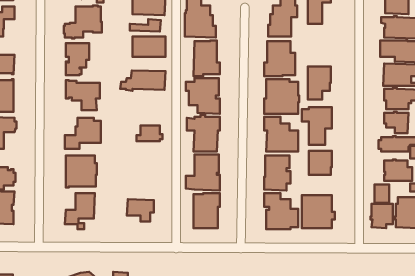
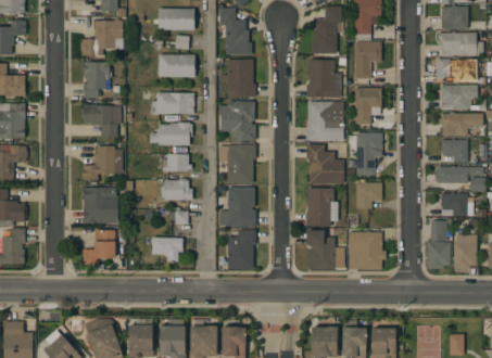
building: none -> [346,42,380,86]
building: none -> [149,123,192,145]
building: none -> [161,178,192,225]

